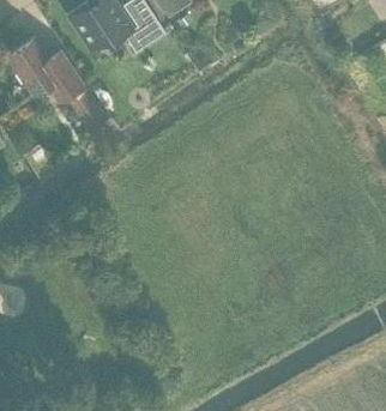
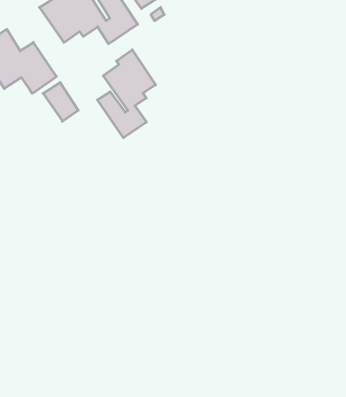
building: none -> [97,50,156,138]

